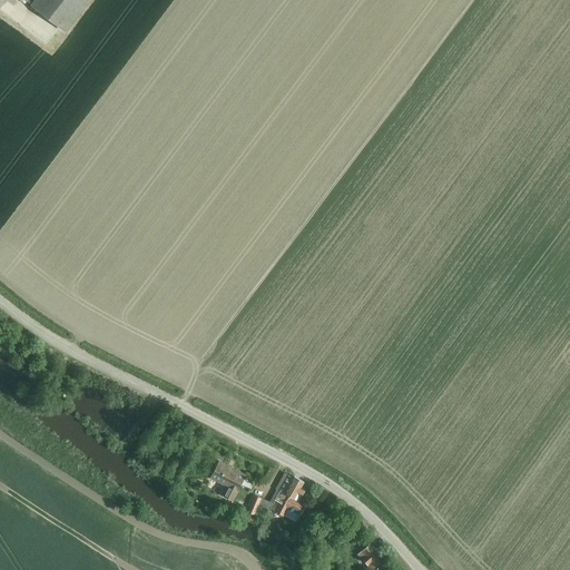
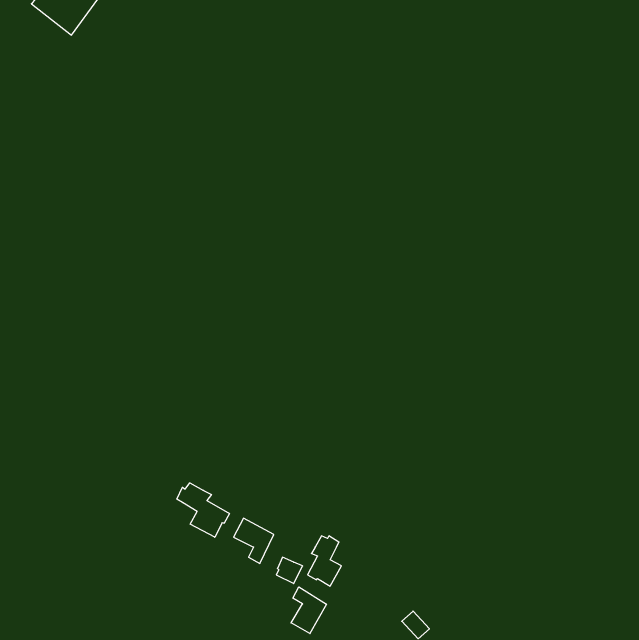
building: none -> [177,483,229,537]
building: none -> [291,587,326,634]

